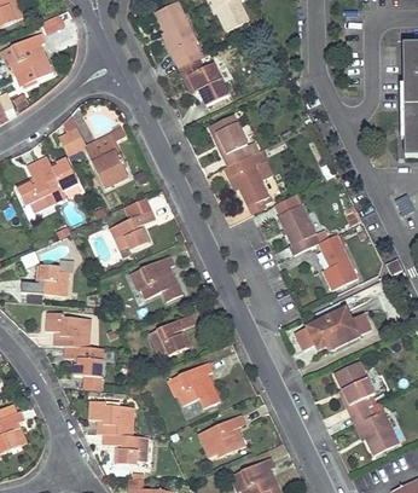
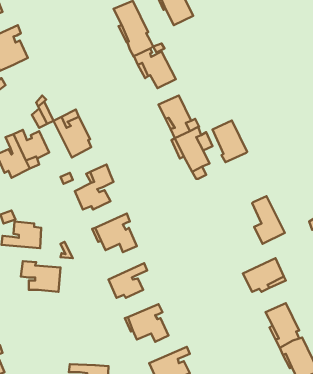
building: [279,203,320,253] -> [212,120,247,162]
building: [64,344,104,376] -> none
building: [88,399,135,434] -> none

